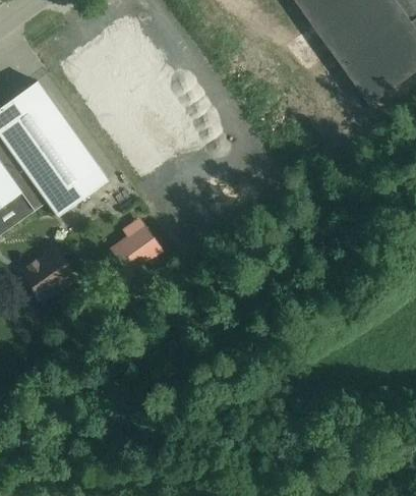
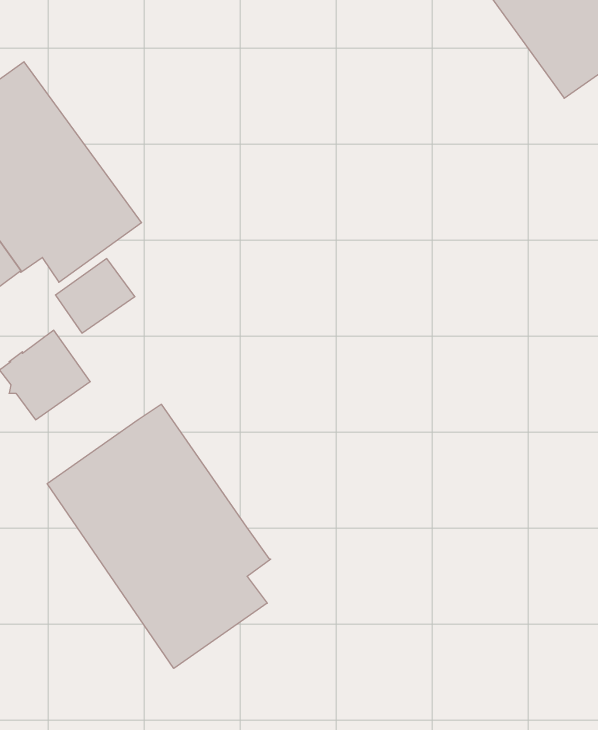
building: [113,226,162,272] -> [55,259,135,333]
building: none -> [47,404,271,668]

